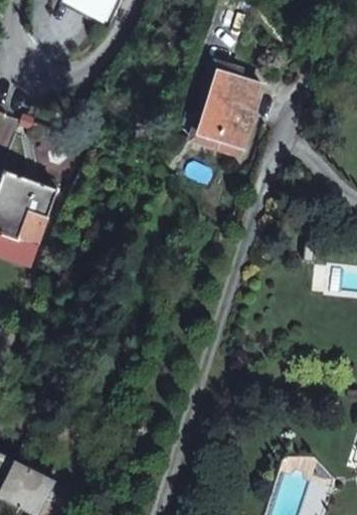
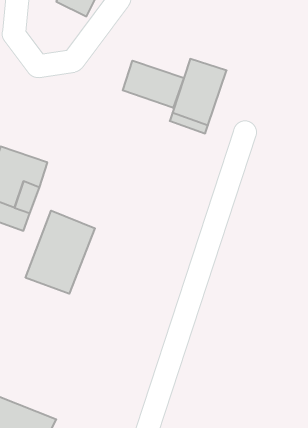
building: none -> [123,61,184,108]
building: none -> [26,211,95,294]

